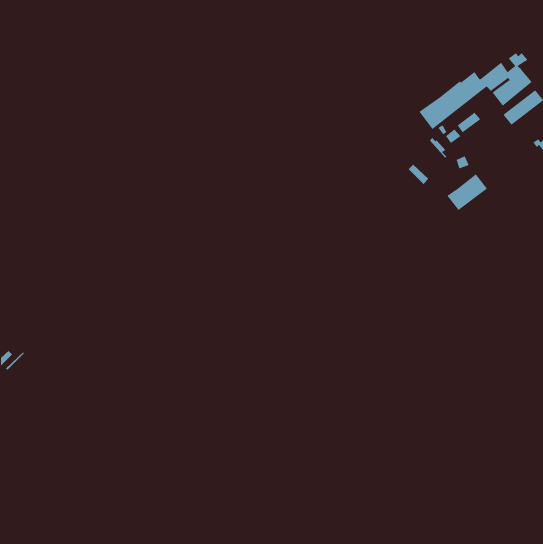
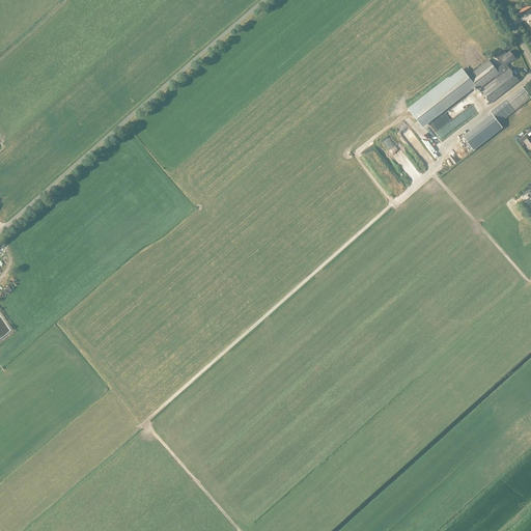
building: [446,174,488,211] -> [463,114,503,150]

